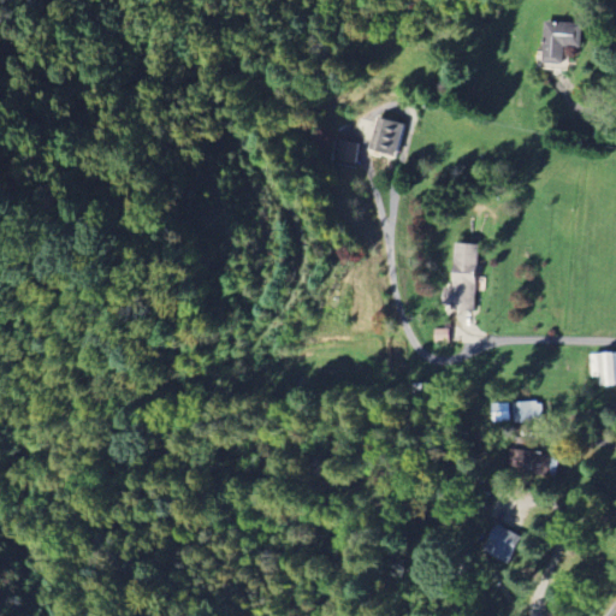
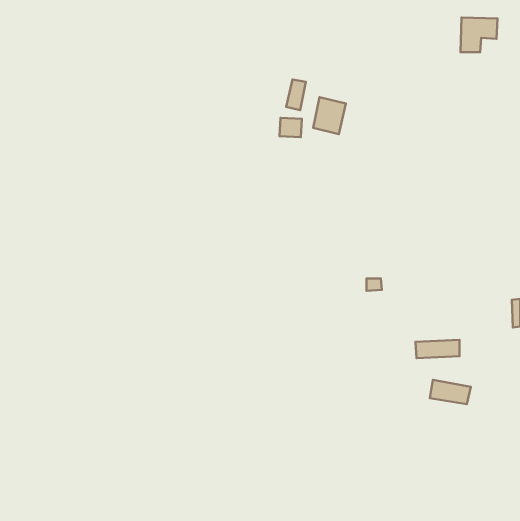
building: none -> [286,80,306,110]
building: [439,245,478,308] -> none
building: [485,523,523,561] -> none

